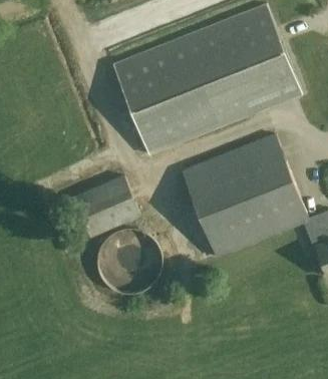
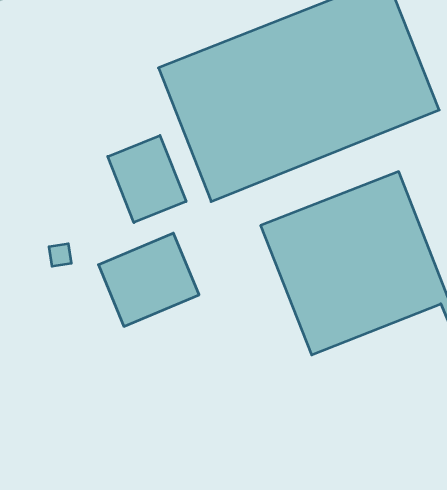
building: none -> [108,135,186,223]
building: [96,229,160,293] -> none

